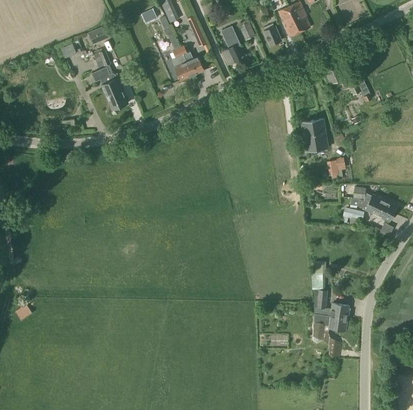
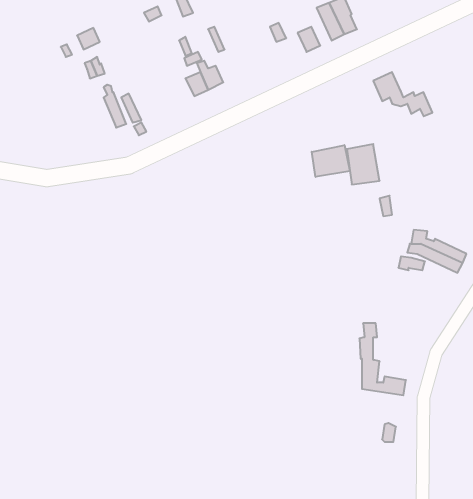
building: [221,27,241,64] -> none
building: [92,67,119,109] -> none
building: none -> [312,145,350,177]
building: [314,313,347,337] -> none

